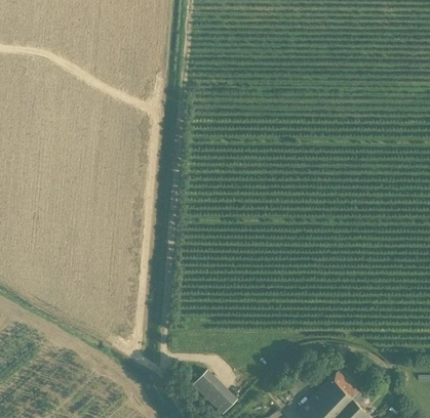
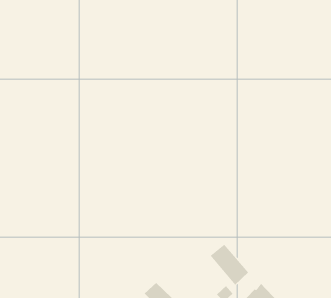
building: none -> [210,244,249,286]

